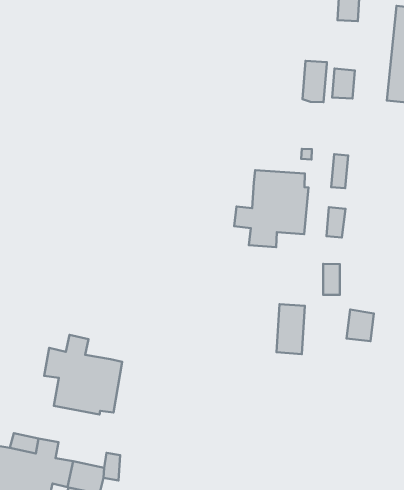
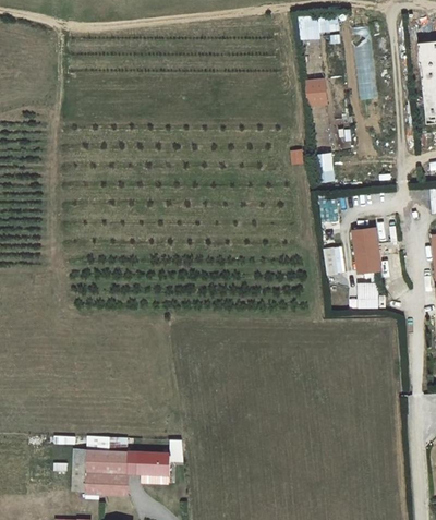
building: [302,61,327,102] -> none
building: [234,170,308,247] -> none
building: [277,304,305,354] -> [353,229,379,273]
building: [44,335,122,415] -> none

